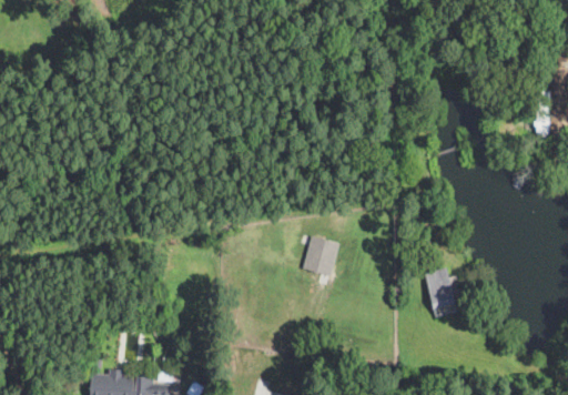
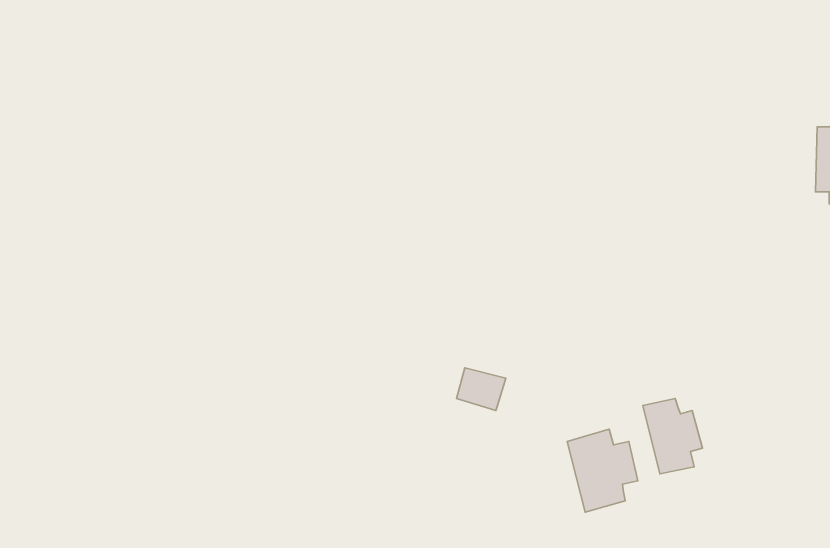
building: none -> [567,429,638,512]

